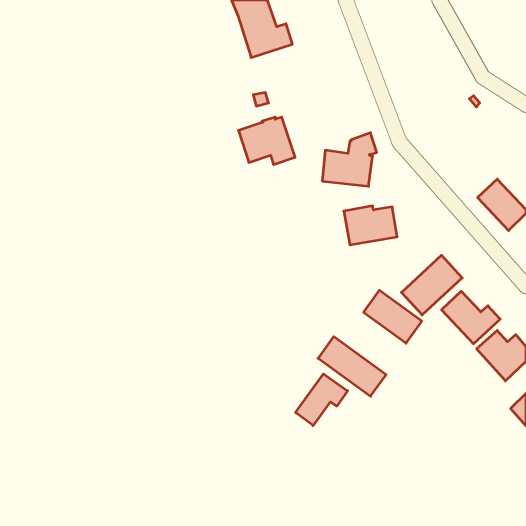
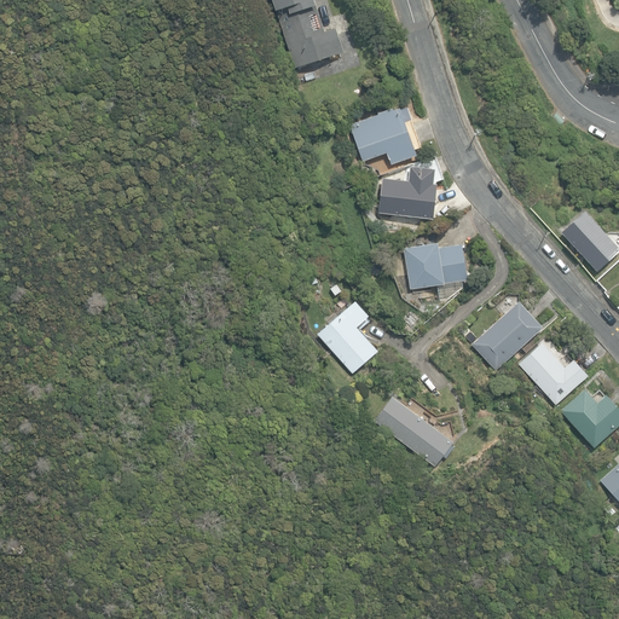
building: [238,117,295,164] -> [349,108,416,163]
building: none -> [318,300,378,372]
building: [364,290,422,343] -> none
building: [296,374,348,426] -> none

